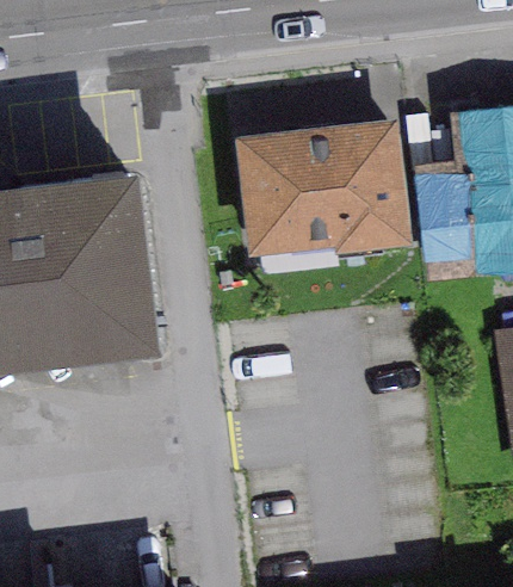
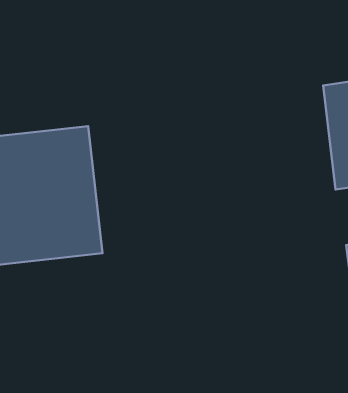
building: [243,135,401,257] -> none

